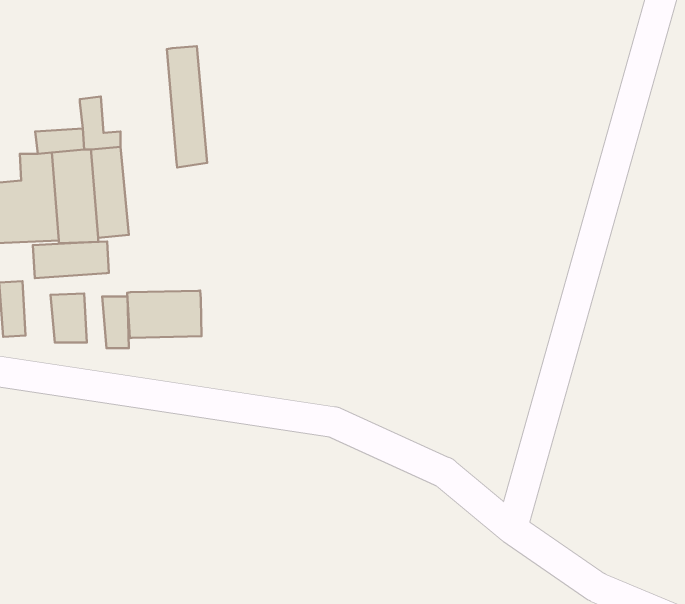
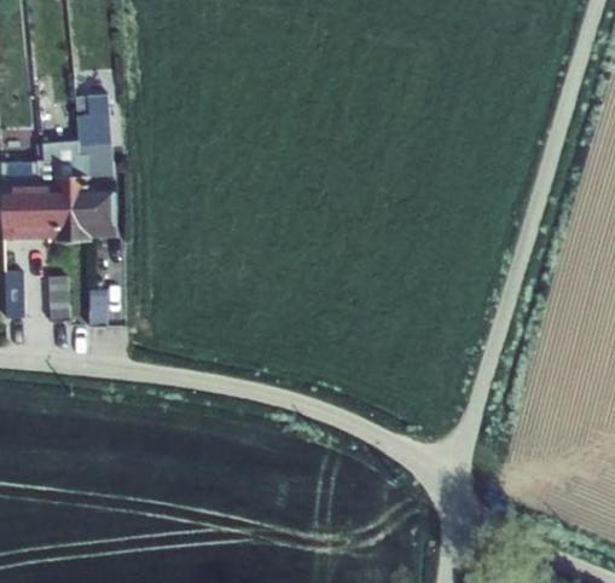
building: [167,46,207,167] -> none
building: [33,241,109,278] -> none
building: [127,291,202,338] -> none

